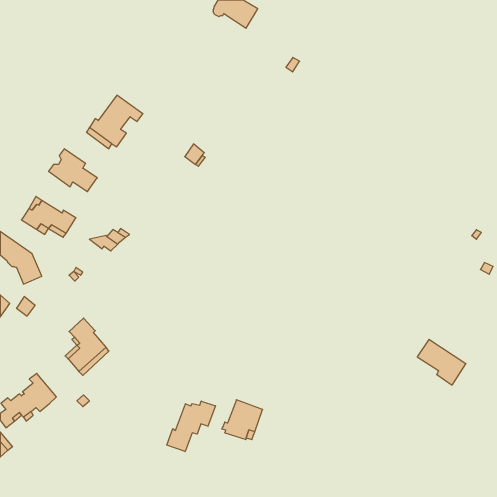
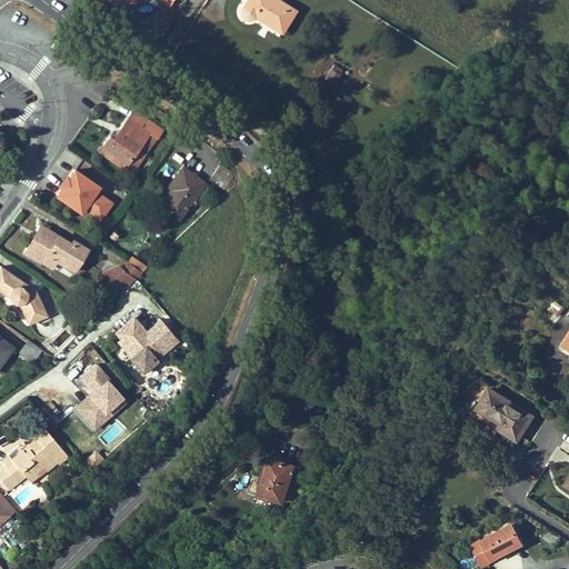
building: none -> [161,168,204,218]
building: none -> [112,319,178,373]
building: [167,401,215,452] -> none
building: none -> [472,523,522,560]

